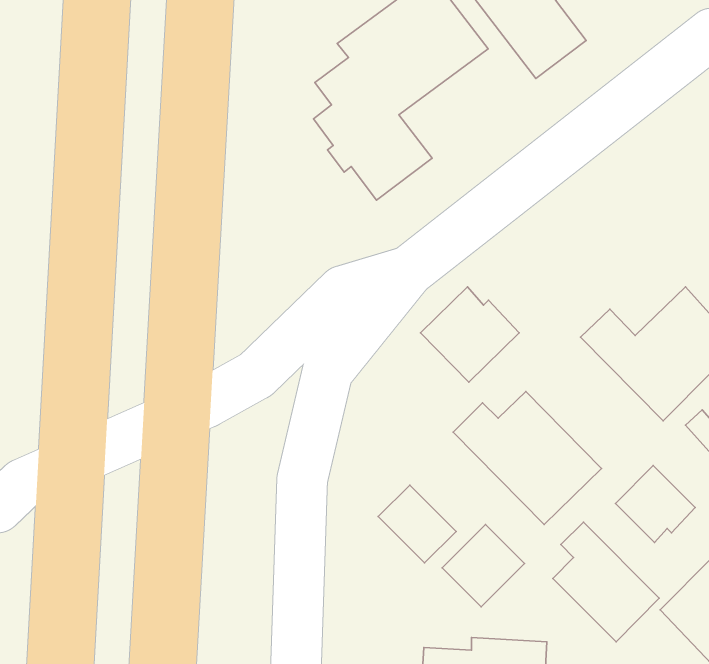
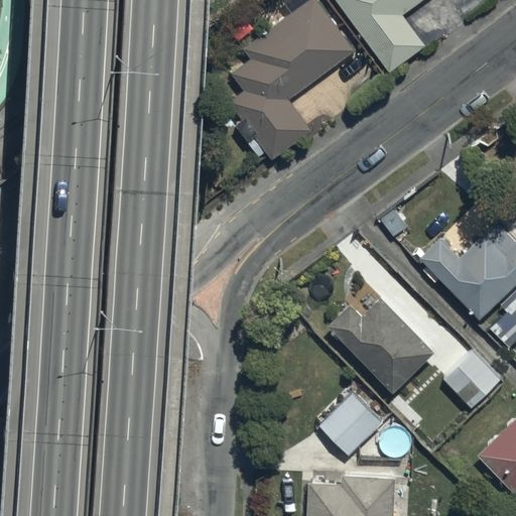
building: [421,287,519,382] -> none
building: [378,485,456,563] -> none
building: [553,522,659,642] -> none

